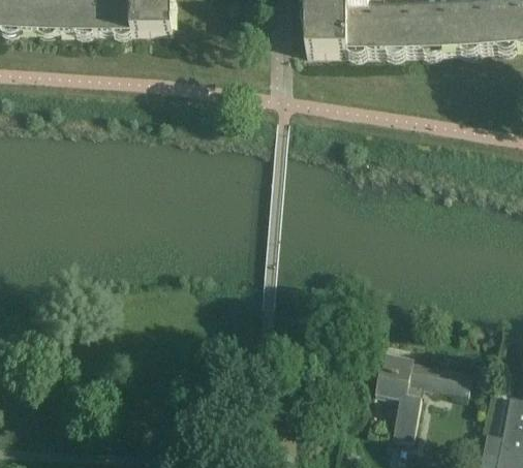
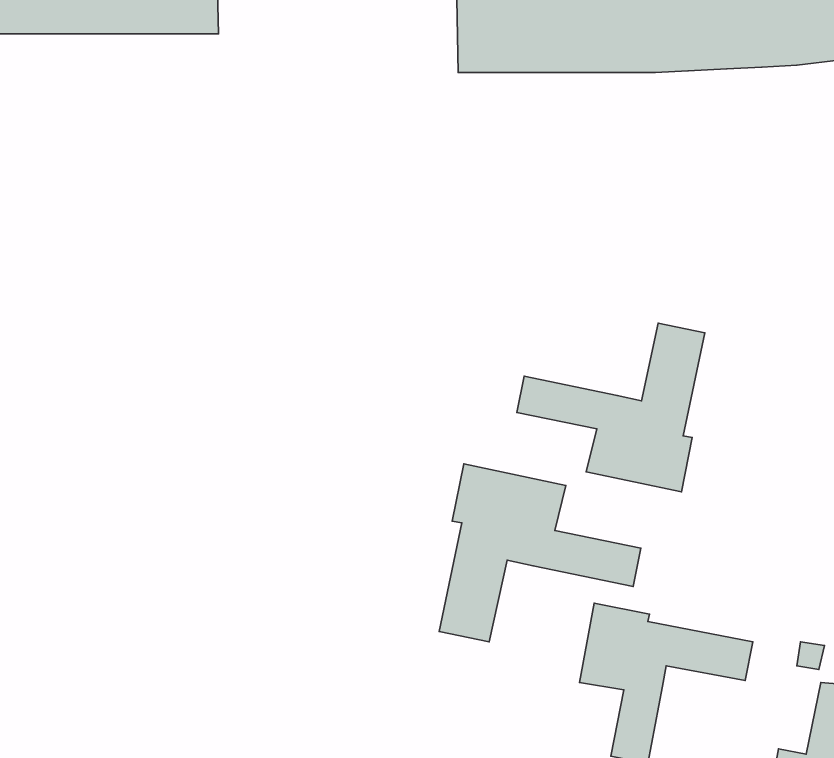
building: none -> [517,323,705,492]
building: none -> [439,464,641,642]

